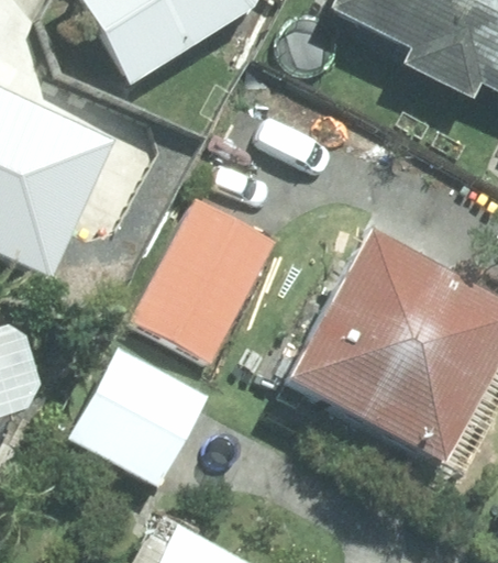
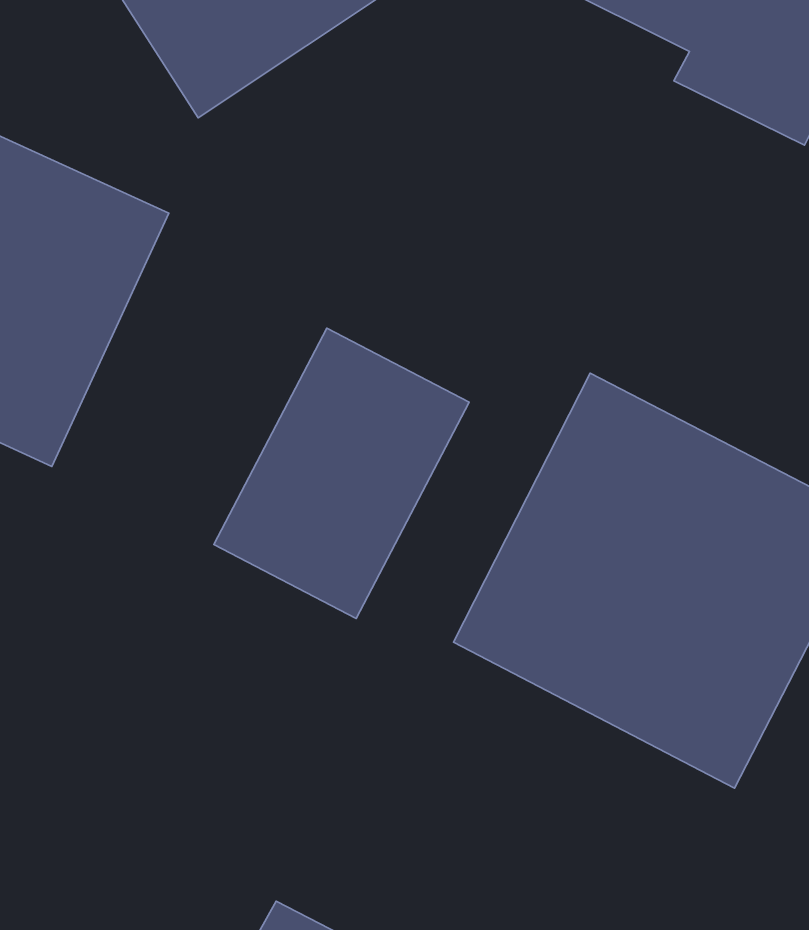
building: [71,349,210,486] -> none

